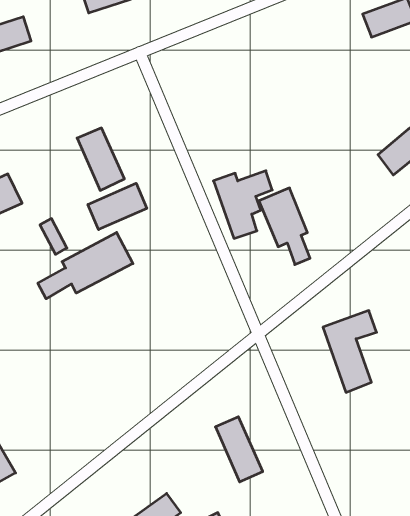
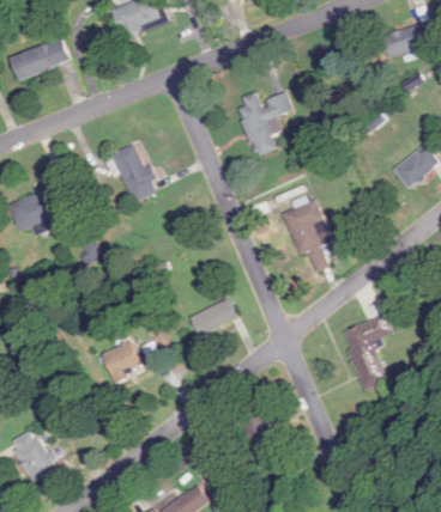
building: [213,171,272,238] -> [235,92,290,156]
building: [88,183,147,230] -> none
building: [38,232,133,299] -> none
building: none -> [189,299,236,336]
building: none -> [101,342,141,382]

